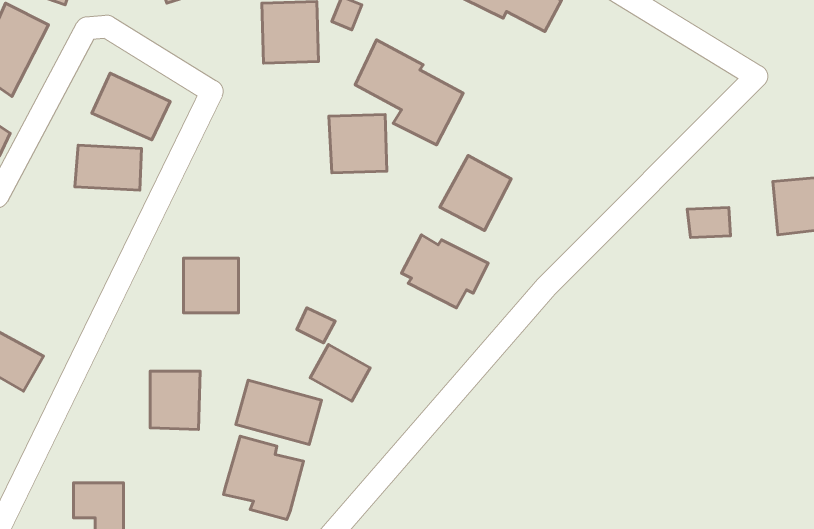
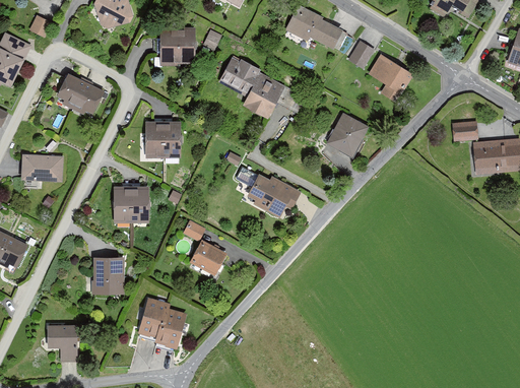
building: none -> [347,40,375,68]
building: none -> [370,54,414,102]
building: [329,115,387,173] -> [145,121,181,156]
building: [75,145,141,190] -> [22,157,63,185]
building: [440,156,511,231] -> [325,112,369,157]
building: [687,207,731,237] -> [452,121,478,139]
building: [236,380,321,445] -> none

